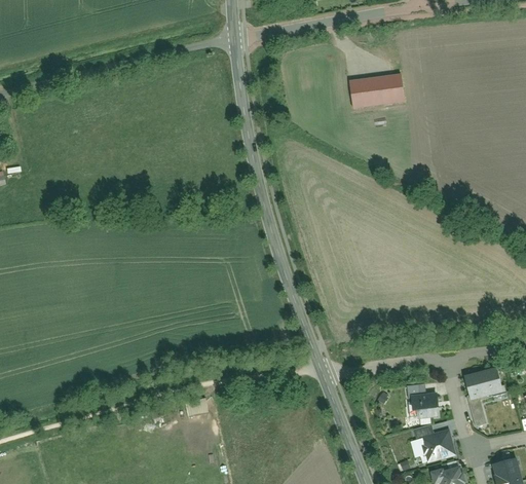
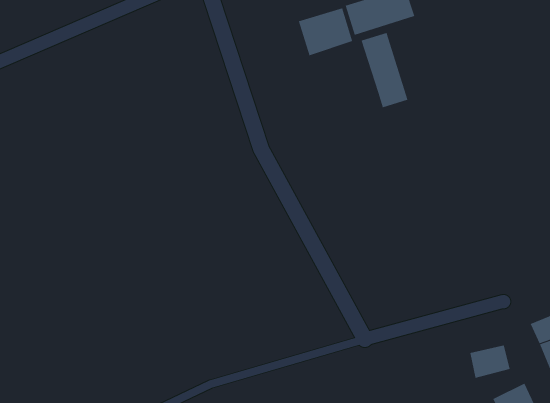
building: none -> [298,8,353,56]
building: none -> [361,32,408,108]

